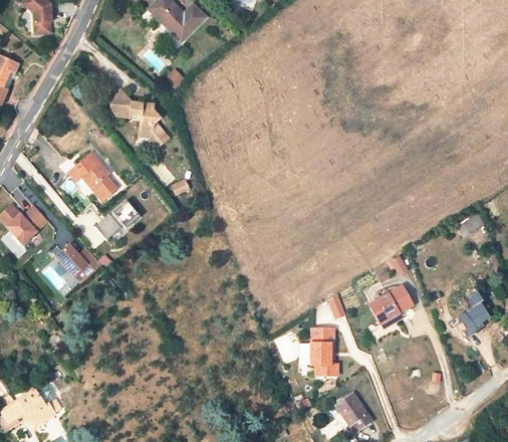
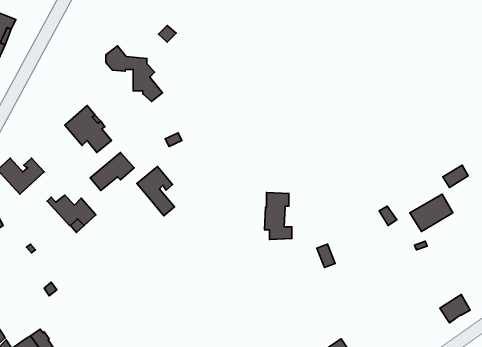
building: none -> [137,166,175,216]
building: [368,285,413,323] -> [410,194,453,231]
building: [458,301,489,330] -> [440,295,470,323]
building: [309,327,337,376] -> [265,193,292,239]

